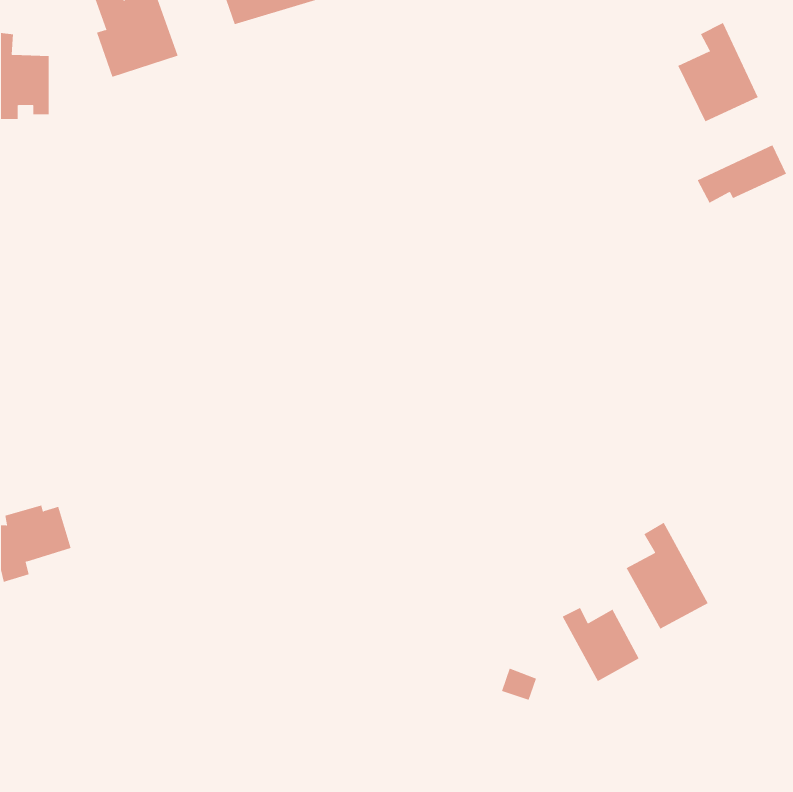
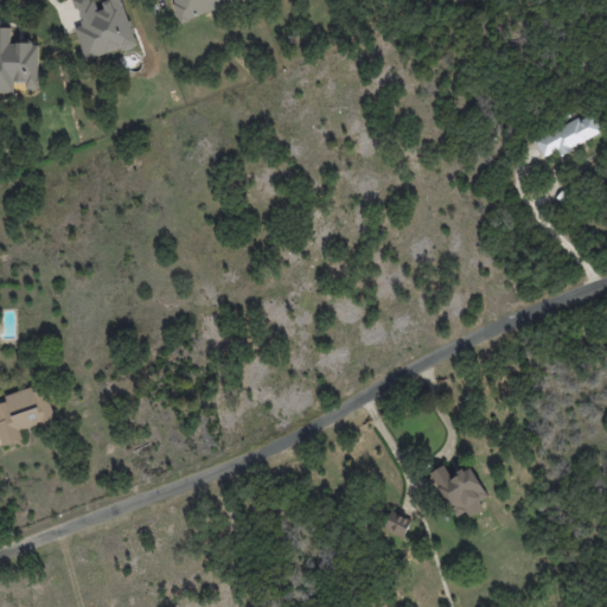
building: [678,22,758,122] -> none
building: [626,522,708,629] -> none

